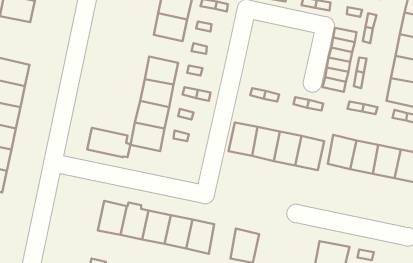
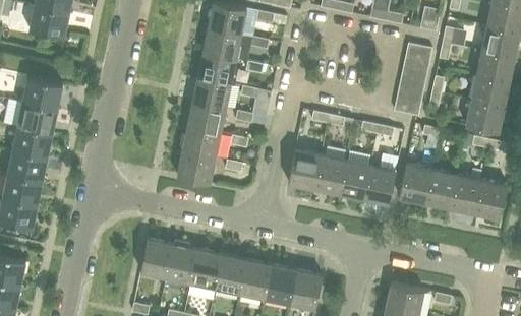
building: none -> [197,52,235,83]
building: [87,128,130,157] -> none
building: none -> [265,265,295,304]

